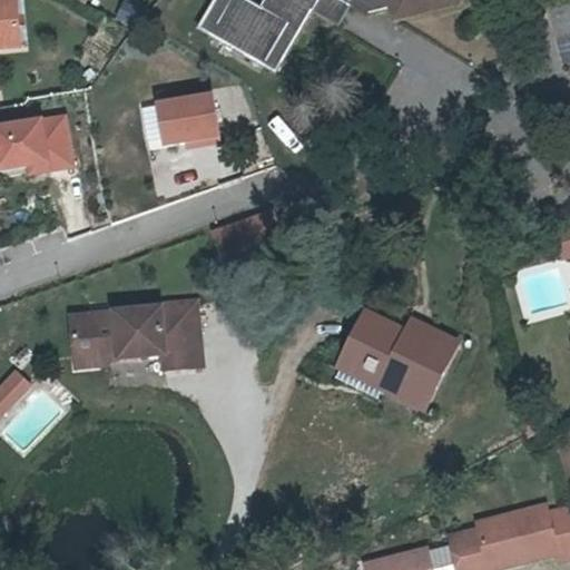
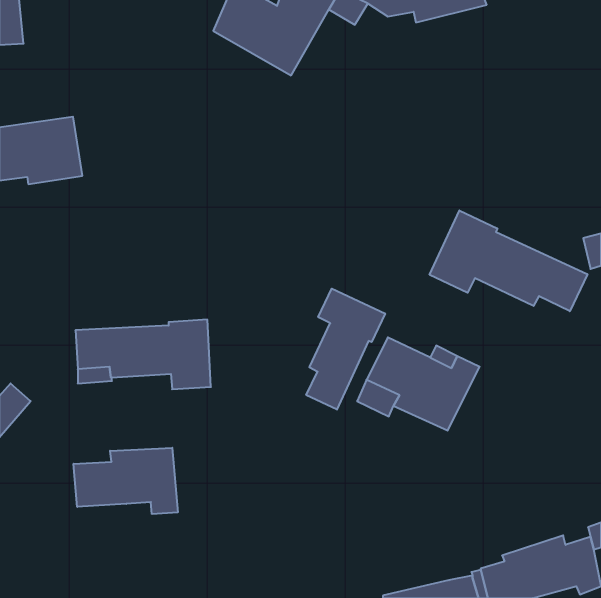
building: [156,91,224,148] -> none
building: none -> [430,210,587,311]
building: none -> [306,289,385,410]
building: none -> [74,448,178,514]

